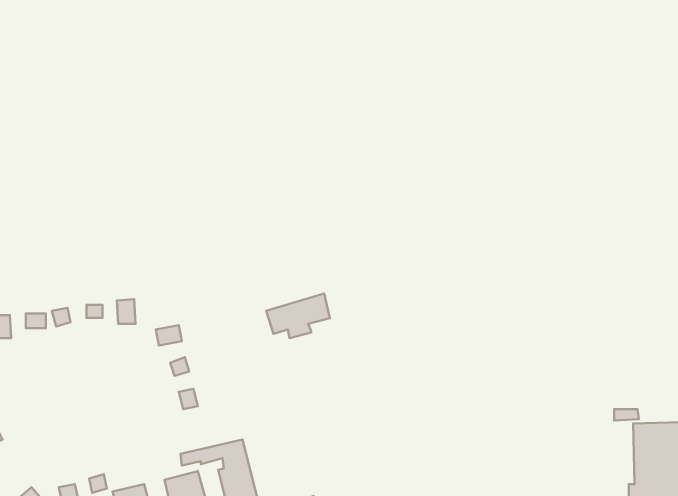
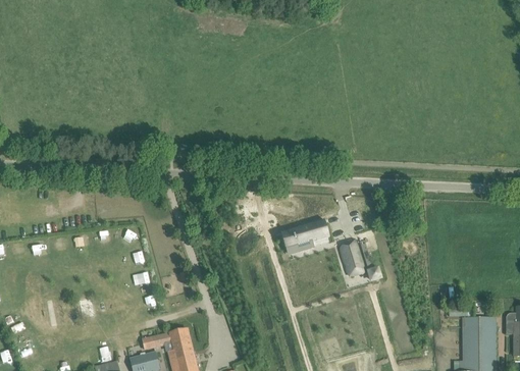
building: [266,293,330,338] -> [281,220,326,252]
building: none -> [340,241,363,275]

